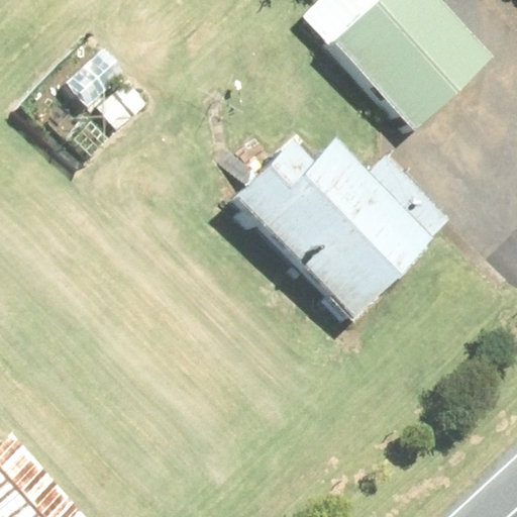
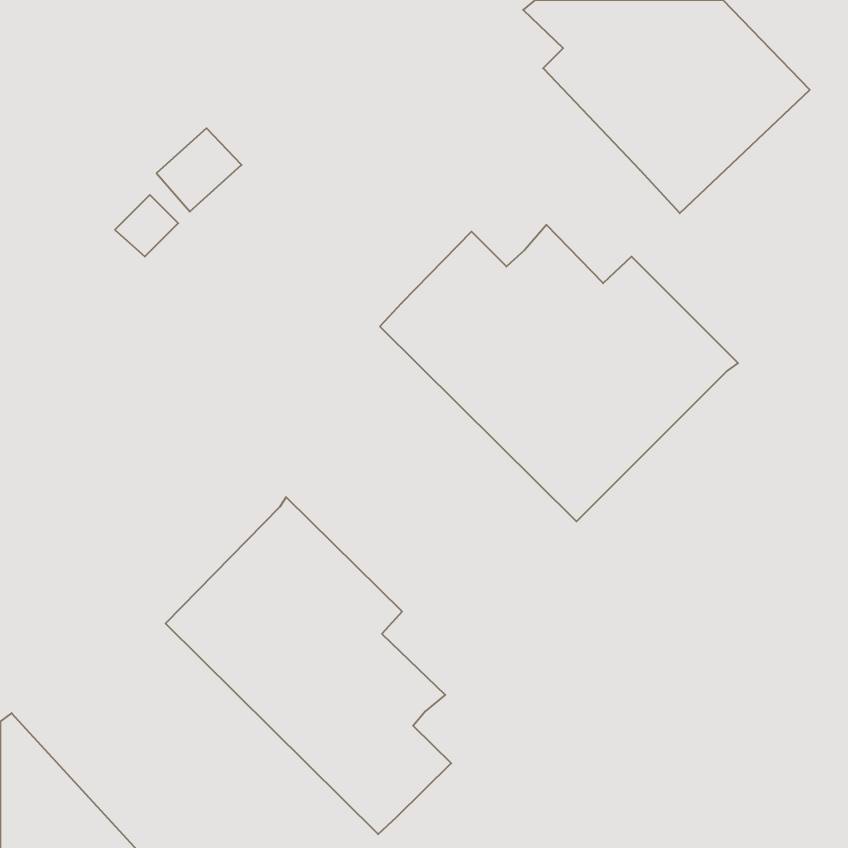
building: none -> [166,497,451,834]

